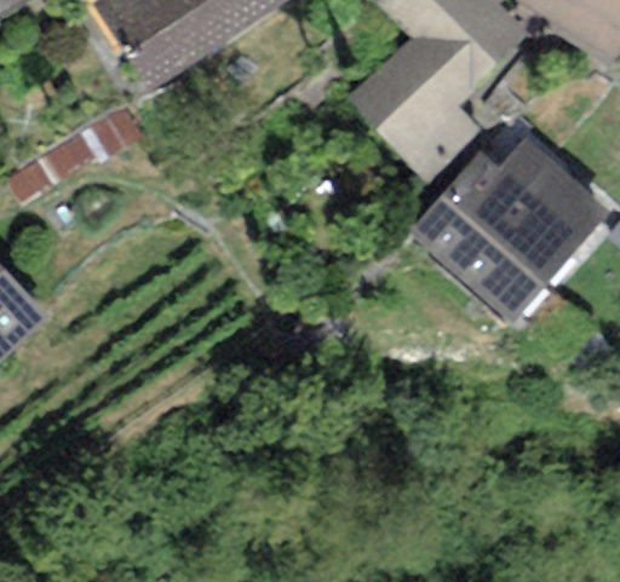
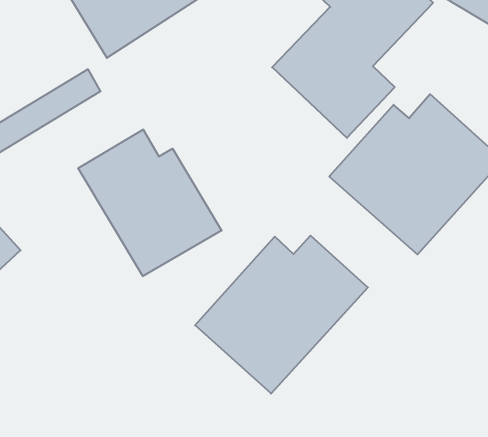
building: none -> [78,129,222,276]
building: none -> [195,236,368,394]

